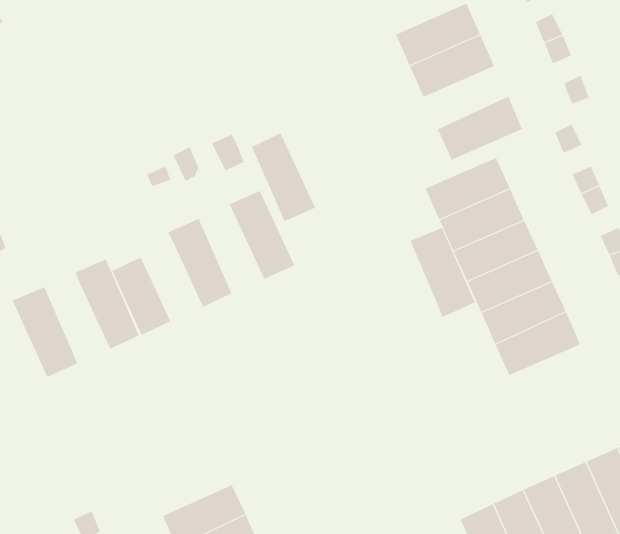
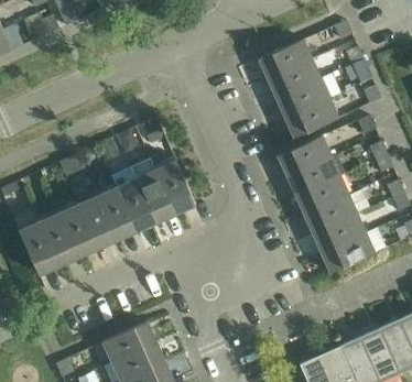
building: none -> [275,78,329,118]
building: [251,133,316,222] -> [134,165,175,221]
building: [410,227,476,318] -> none
building: none -> [98,189,137,239]
building: none -> [41,216,78,265]
building: none -> [102,321,155,361]

